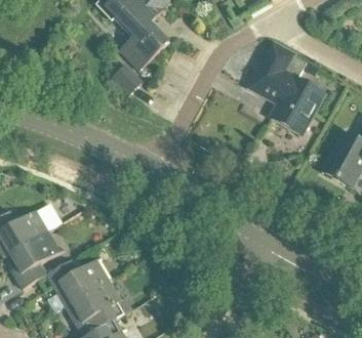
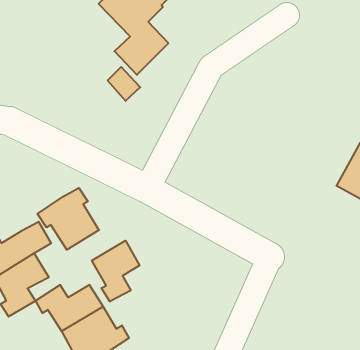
building: [249,45,321,135] -> none
building: none -> [38,188,99,250]
building: none -> [92,241,140,302]

